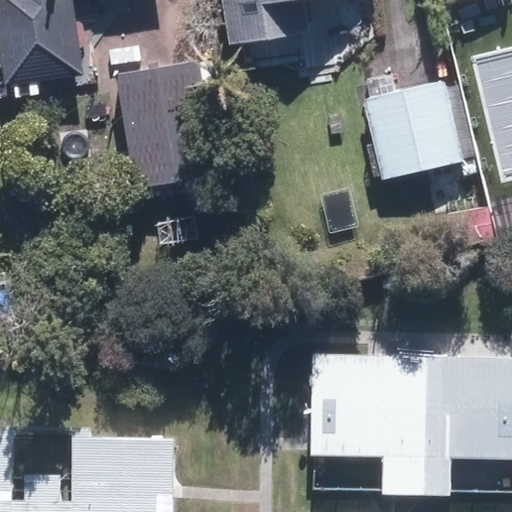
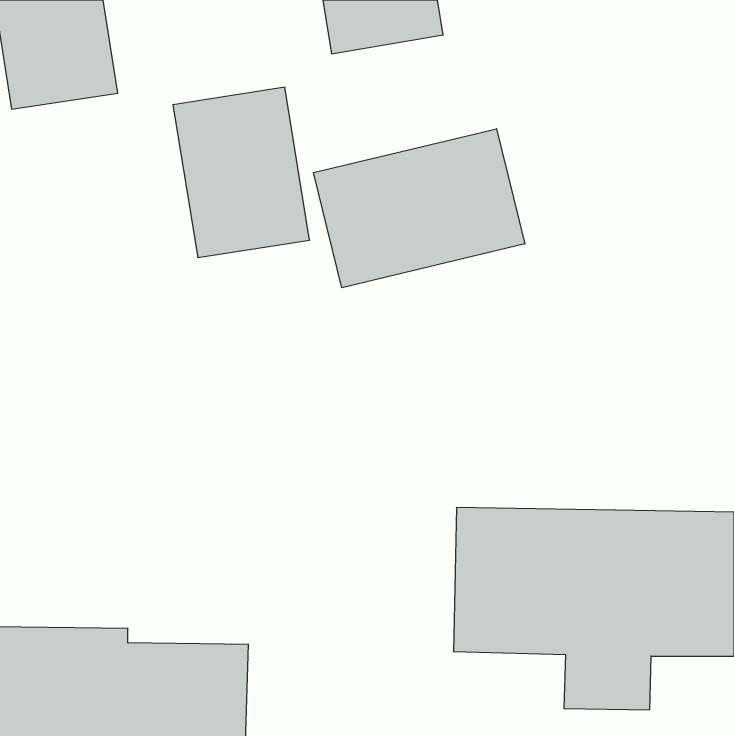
building: [366,88,456,176] -> none
building: none -> [314,129,525,288]

